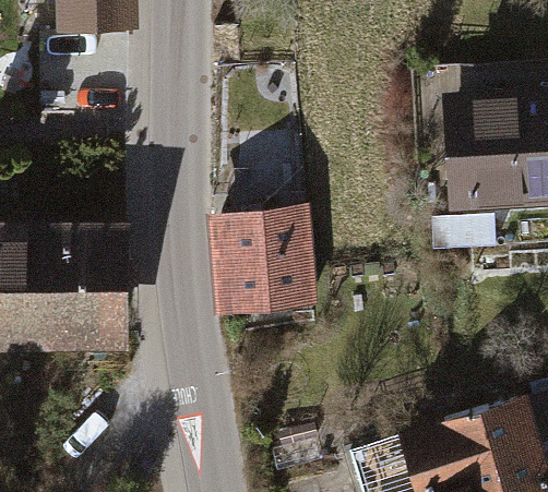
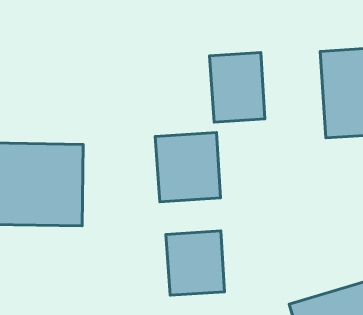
building: none -> [210,52,265,122]
building: none -> [166,231,224,295]

